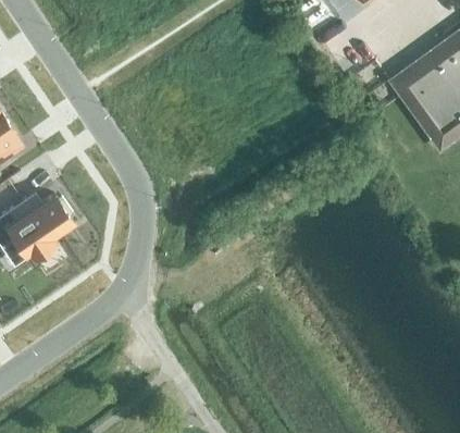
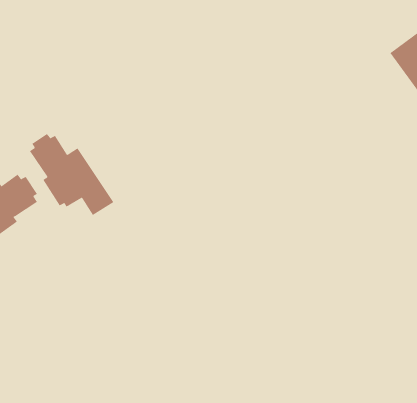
building: none -> [29,133,114,216]

